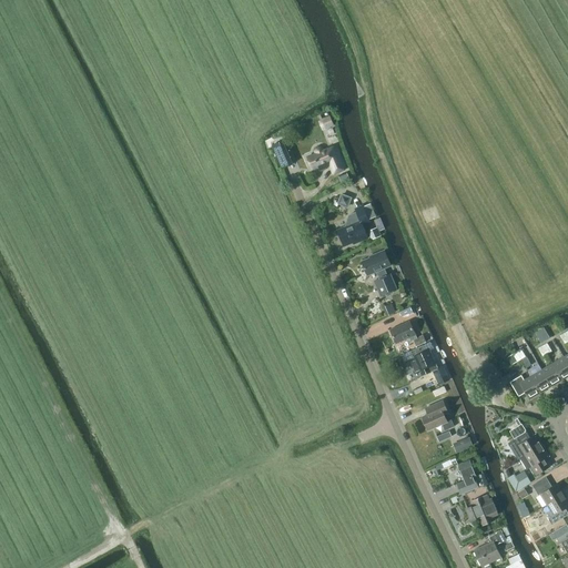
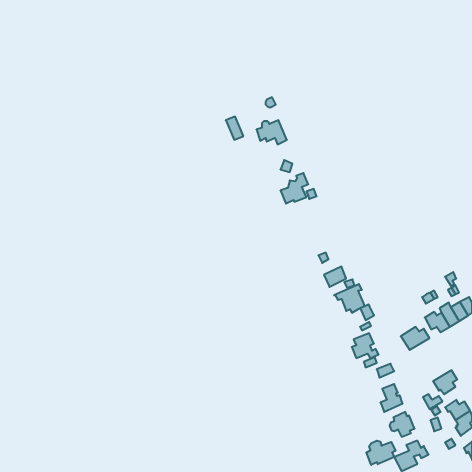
building: [361,251,396,294] -> none
building: [507,430,541,458] -> [401,327,429,350]
building: none -> [366,441,395,465]

